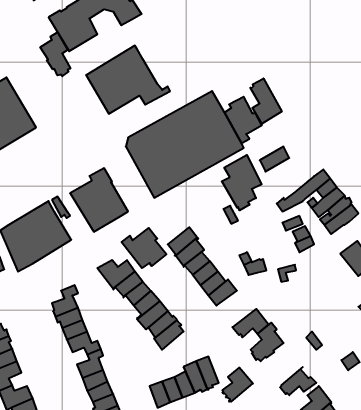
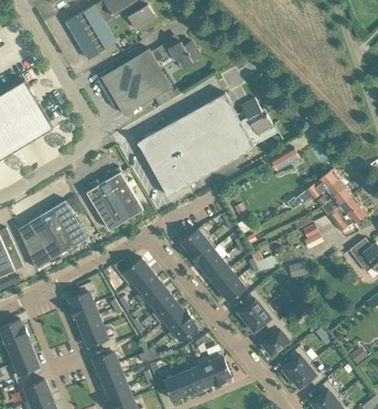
building: [40,32,70,76] -> none
building: none -> [151,42,201,69]
building: [250,78,282,124] -> none
building: [222,155,262,210] -> none
building: [122,228,166,268] -> none
building: none -> [237,290,267,323]
building: [222,368,253,402] -> [282,346,312,379]

